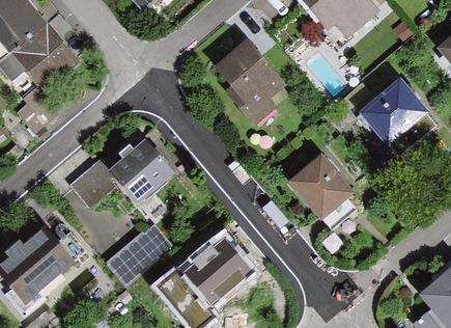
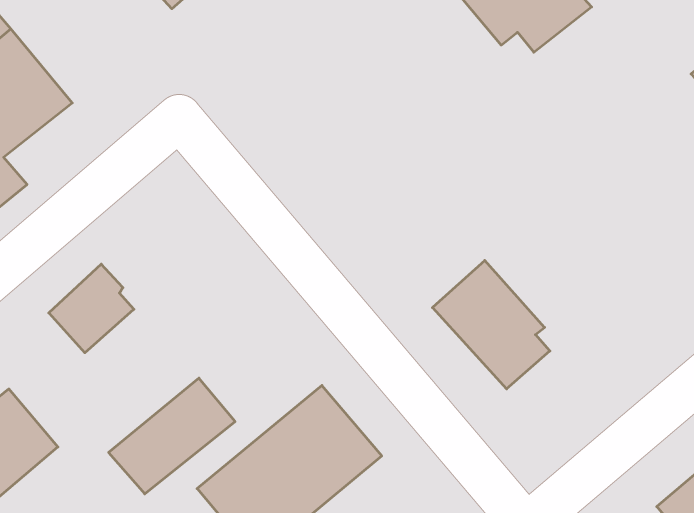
building: [215,37,287,127] -> none
building: [359,77,427,144] -> none
building: [109,140,173,206] -> none

